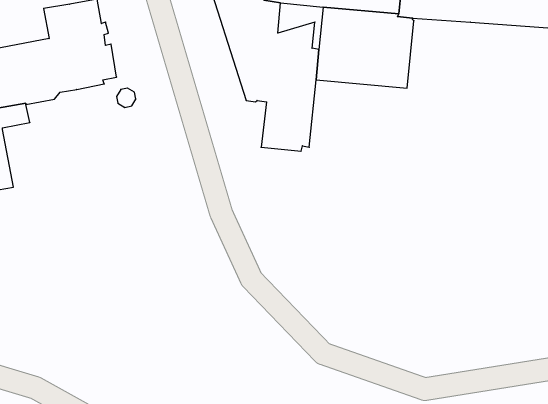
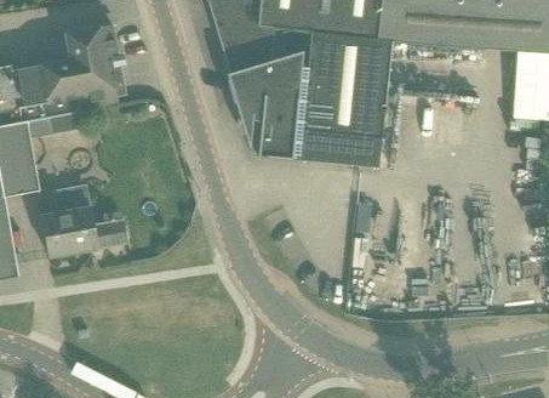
building: none -> [297,96,384,167]
building: none -> [41,184,127,257]

